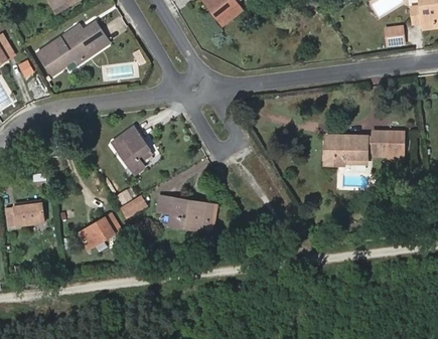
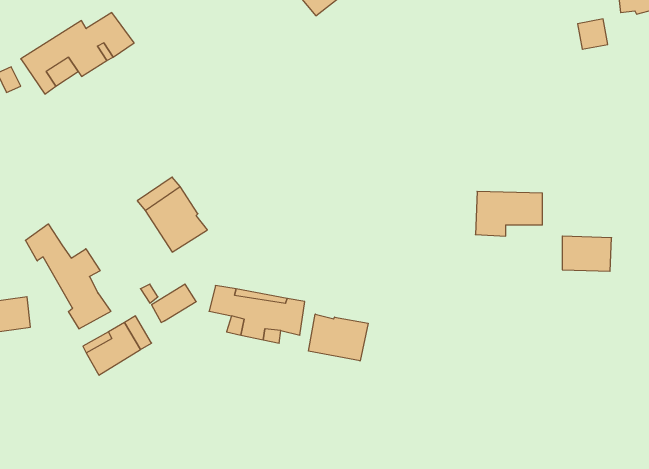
building: [371,132,402,154] -> [562,236,612,271]
building: none -> [25,224,111,329]
building: none -> [309,314,368,361]

